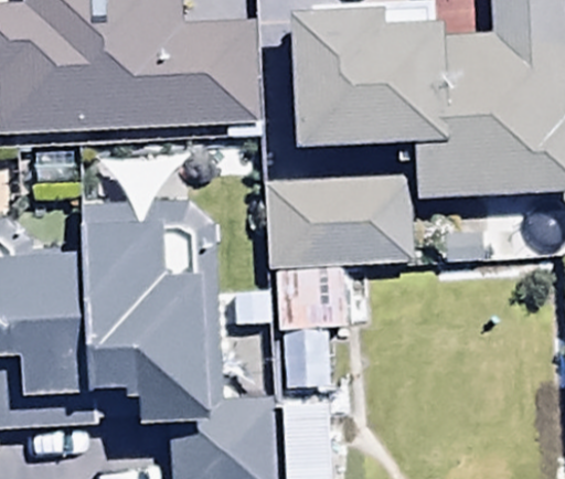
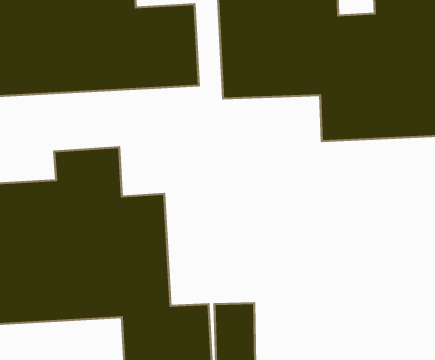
building: [264,178,412,333] -> none

